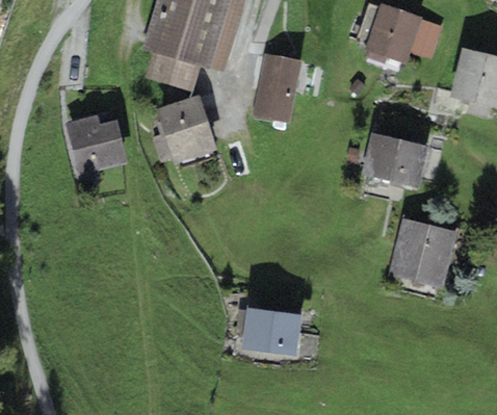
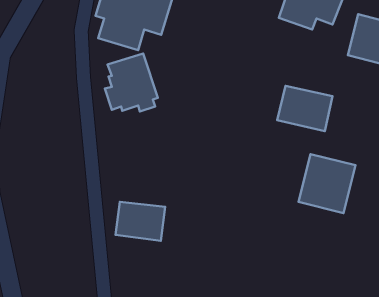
building: [251,54,300,124] -> none
building: [64,114,127,175] -> none
building: [241,308,302,356] -> [116,202,165,241]

